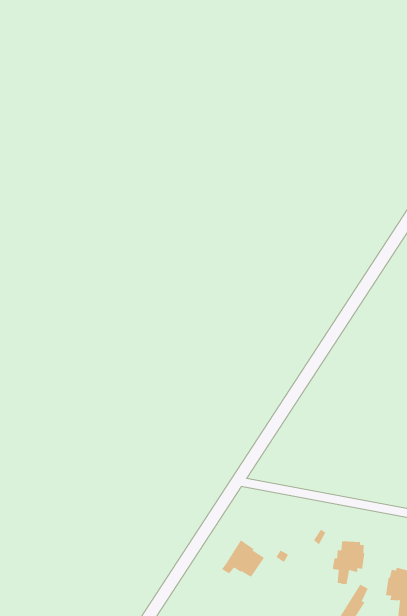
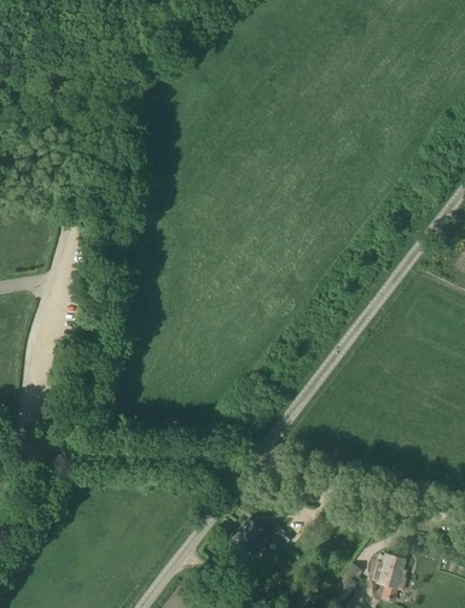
building: [332,541,365,585] -> none

